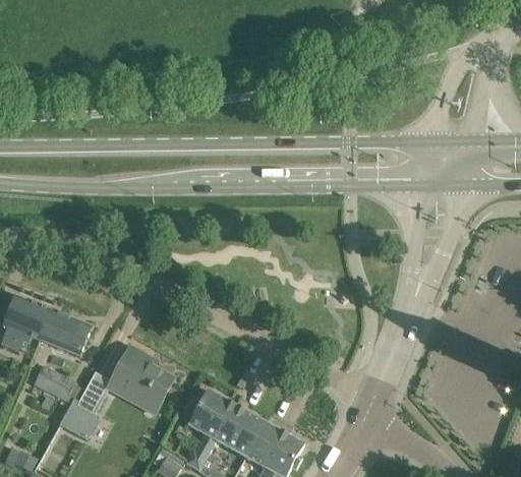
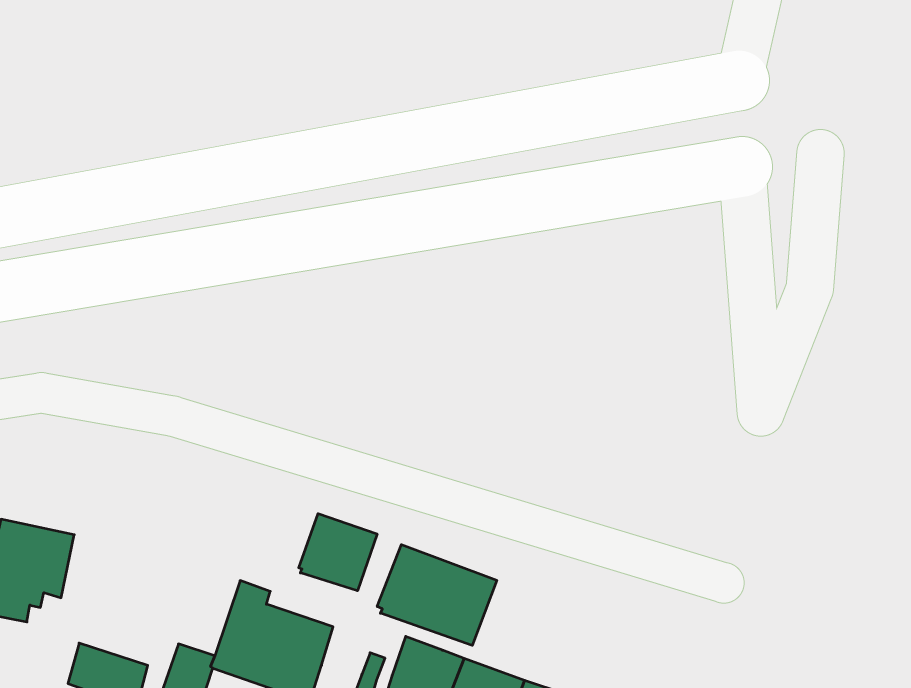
building: [39,309,92,356] -> none
building: none -> [299,514,377,591]
building: none -> [377,545,497,645]

